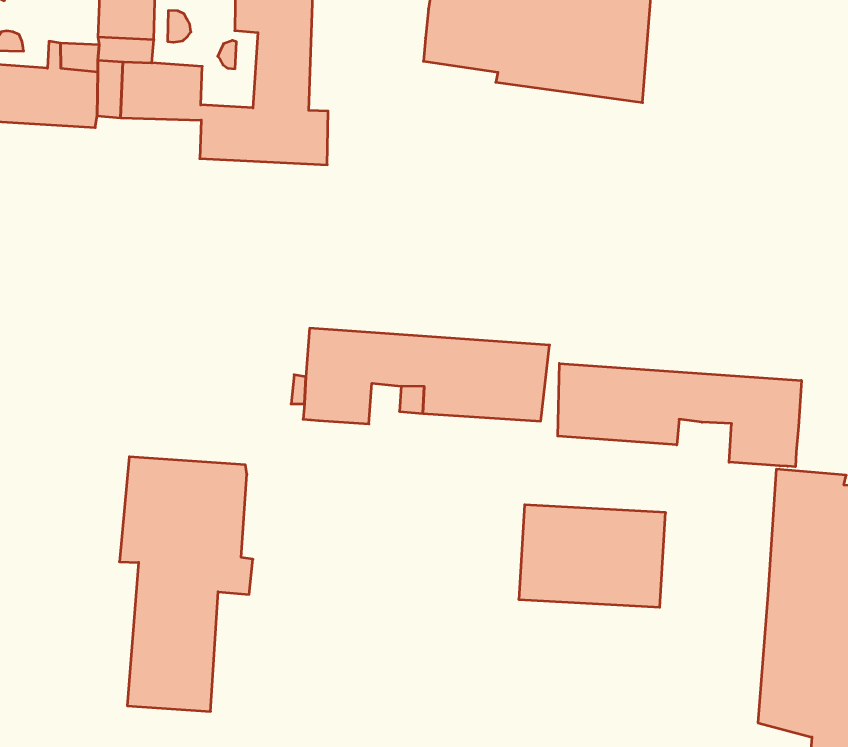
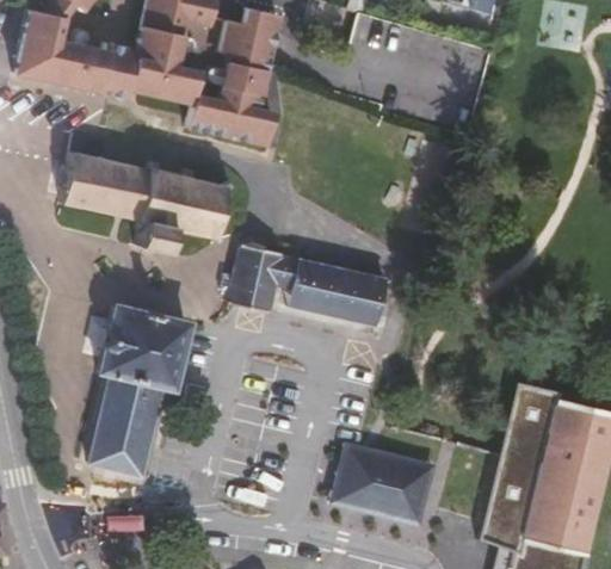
building: none -> [61,151,246,251]
building: [558,363,801,467] -> none
building: [519,505,666,607] -> [333,444,433,521]

